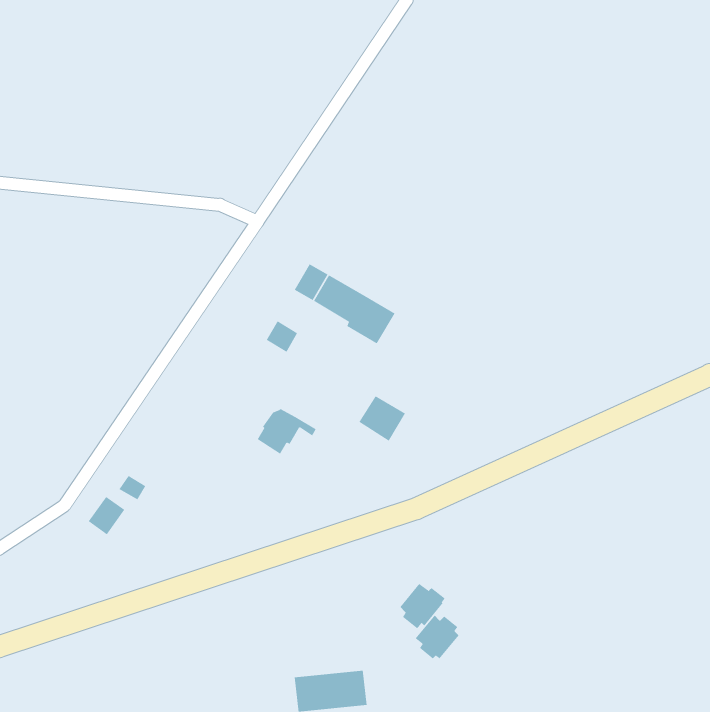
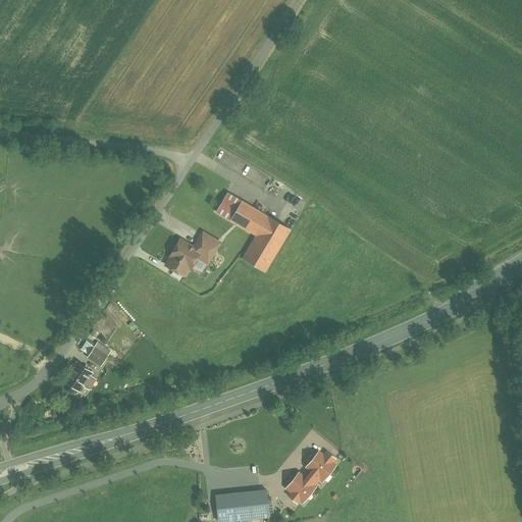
building: [359,395,406,441] -> [242,239,276,272]
building: [257,408,317,454] -> [166,243,210,276]
building: [399,583,445,629] -> [283,471,317,505]

